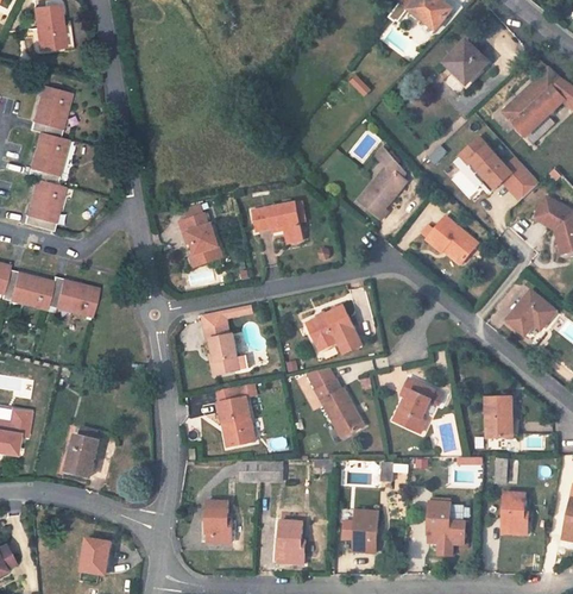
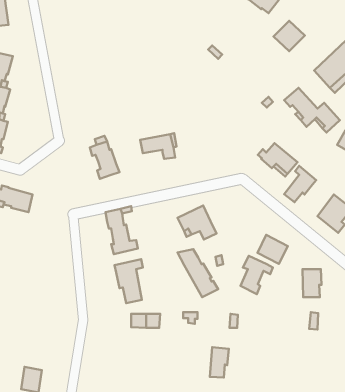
building: [358,146,407,218] -> none
building: none -> [284,166,316,202]
building: none -> [257,235,288,264]
building: [65,433,97,476] -> none
building: [503,492,528,534] -> none
building: [206,500,231,542] -> none
building: [427,500,465,555] -> none
building: [277,520,303,562] -> none

